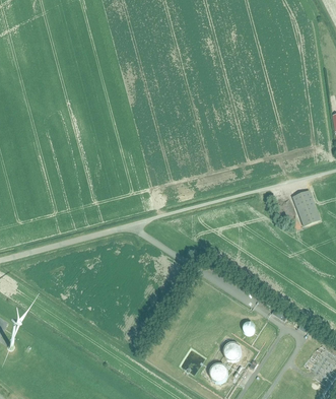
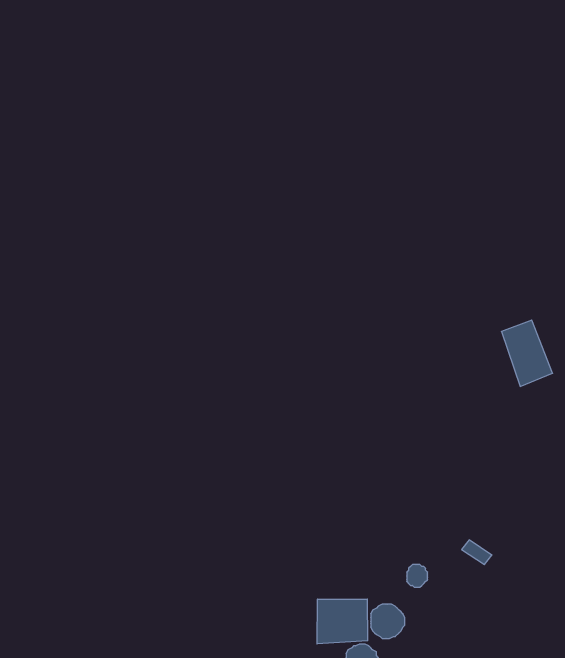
building: none -> [317,599,368,644]

